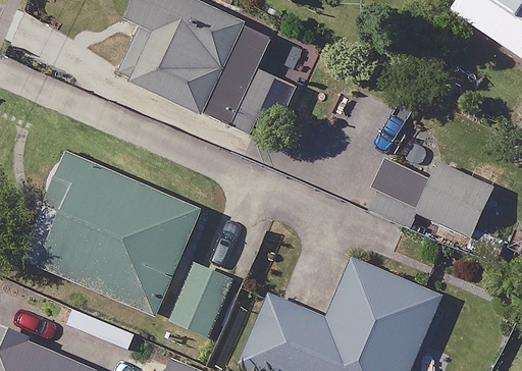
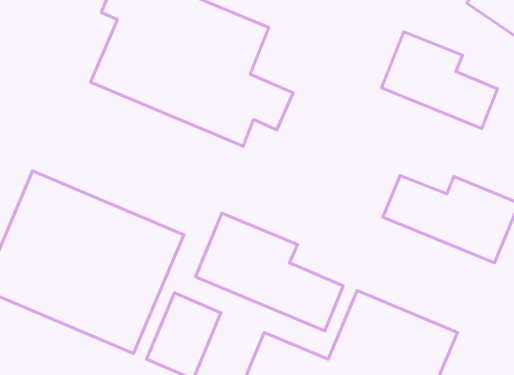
building: none -> [381,32,498,129]
building: none -> [196,213,343,331]

